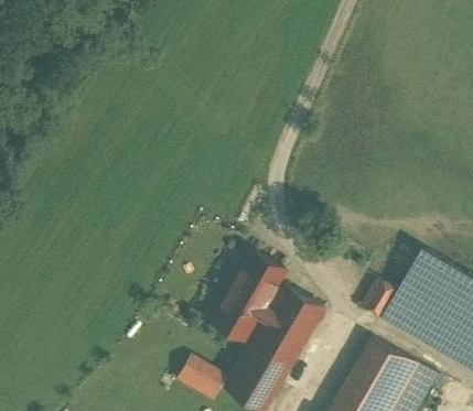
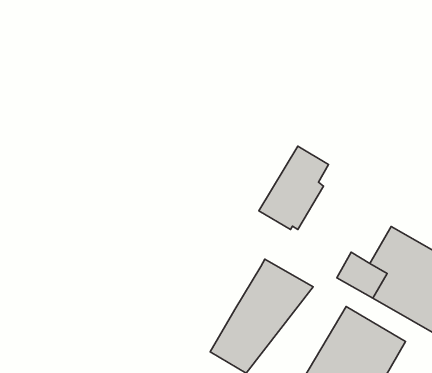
building: [211,252,286,342] -> [259,146,329,229]
building: [179,357,226,399] -> none

